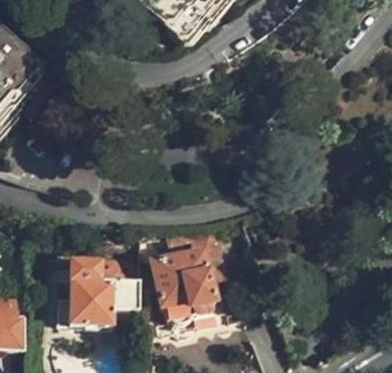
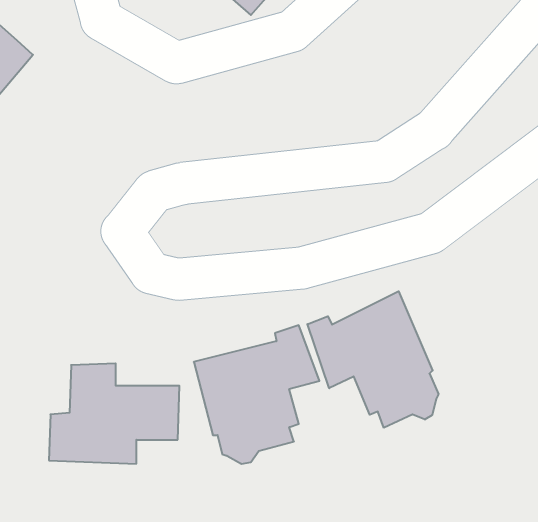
building: none -> [307,291,438,428]

